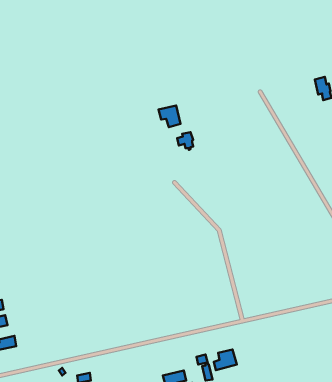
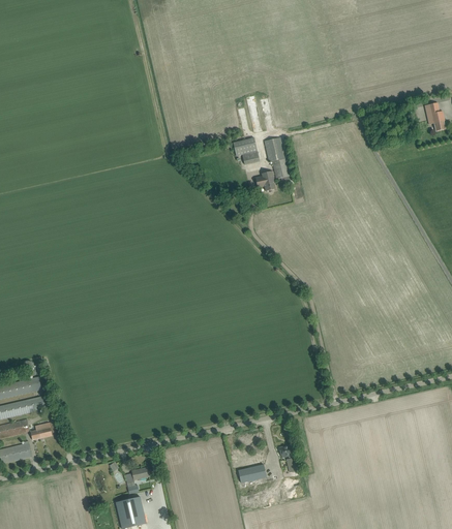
building: none -> [264,137,289,179]
building: [214,349,237,370] -> none

